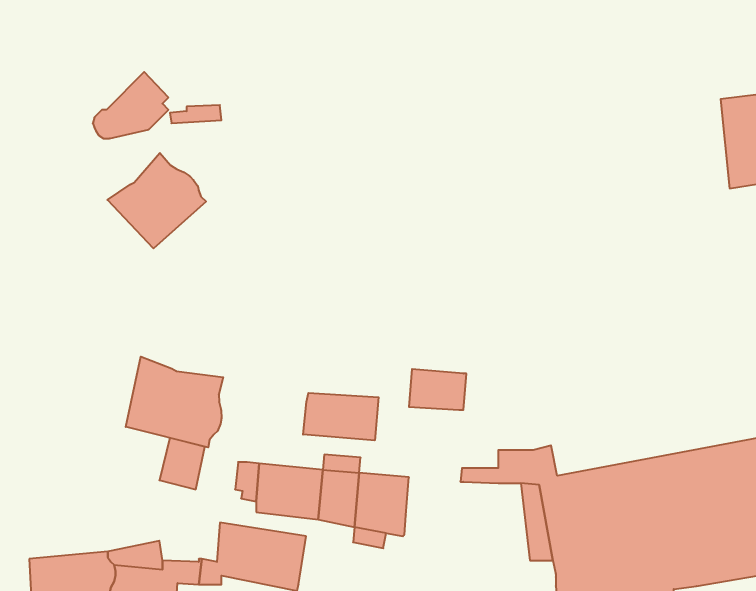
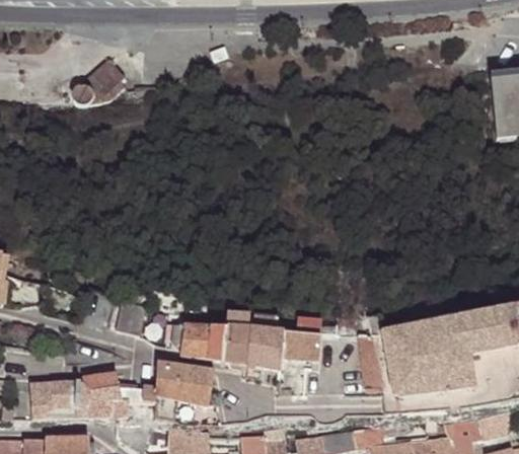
building: [107,153,206,248] -> none
building: [126,357,223,447] -> none
building: [409,369,466,410] -> [282,330,320,358]
building: [303,393,379,440] -> none

